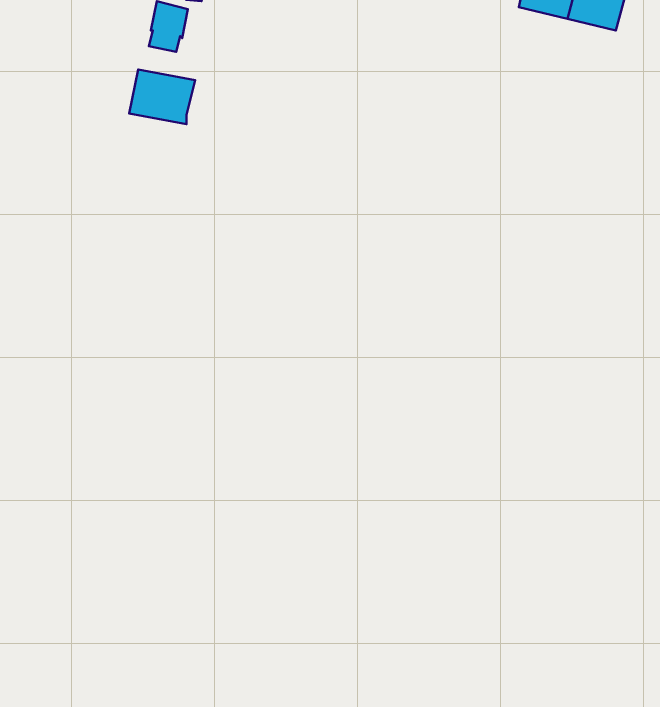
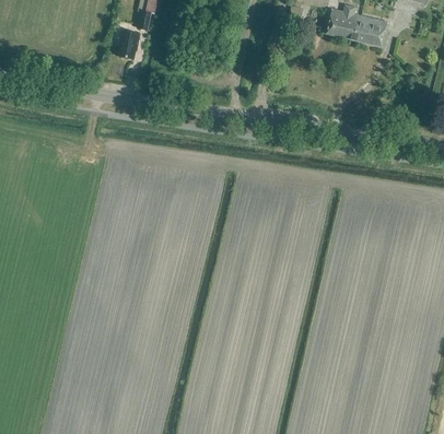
building: [129,70,195,124] -> none

